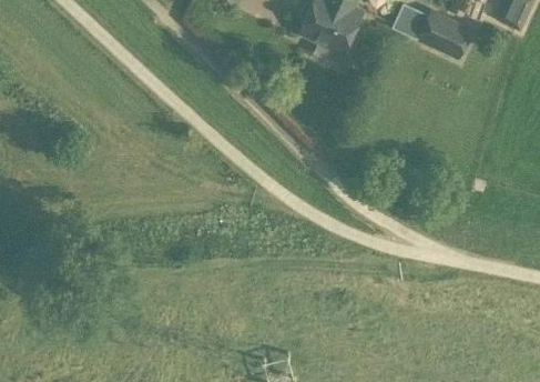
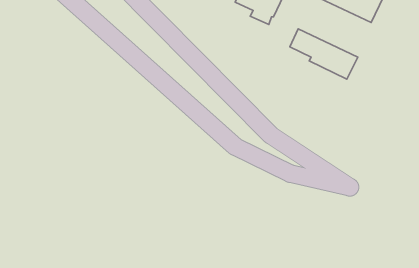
building: none -> [290,29,358,79]

